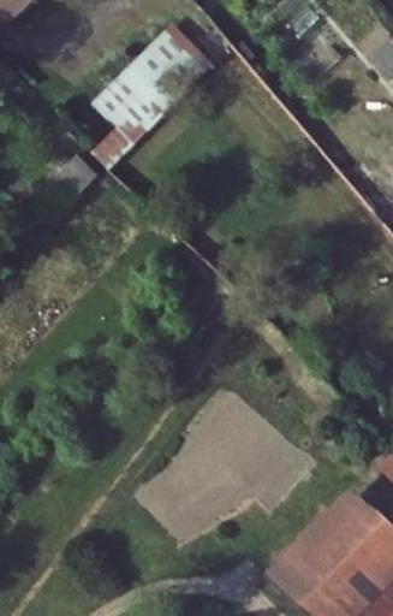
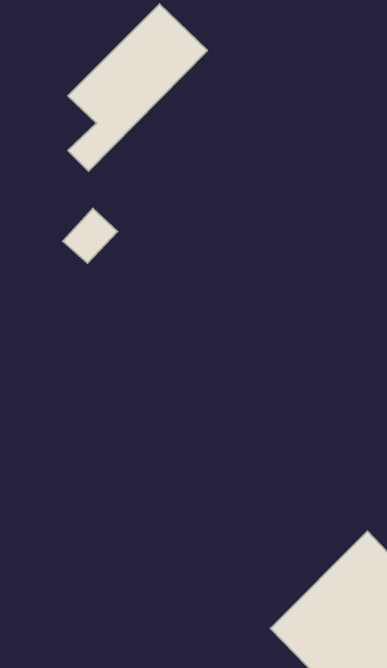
building: [46,158,94,206] -> [63,208,118,263]

